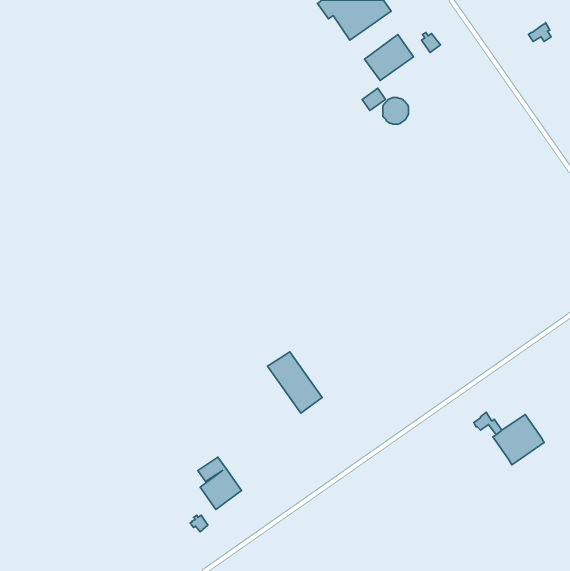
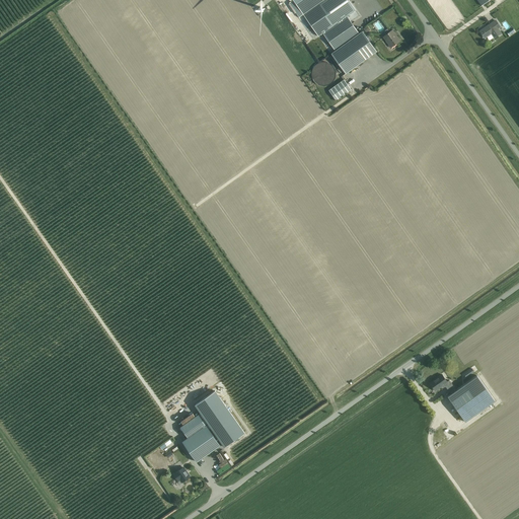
building: none -> [322,16,359,51]
building: [383,97,408,124] -> [311,62,335,86]
building: [267,352,322,413] -> [194,391,243,447]

